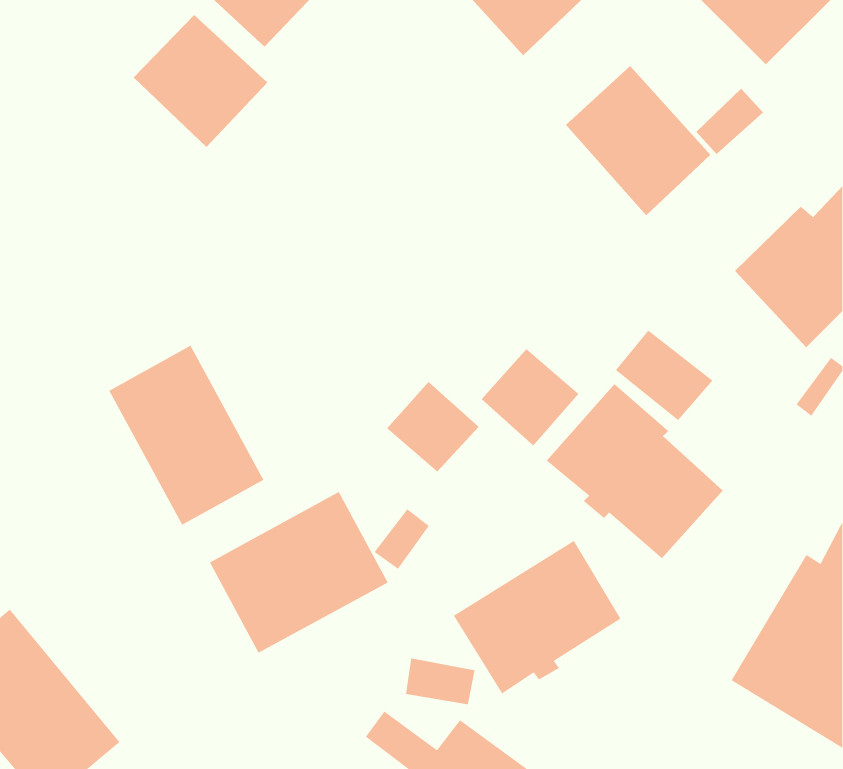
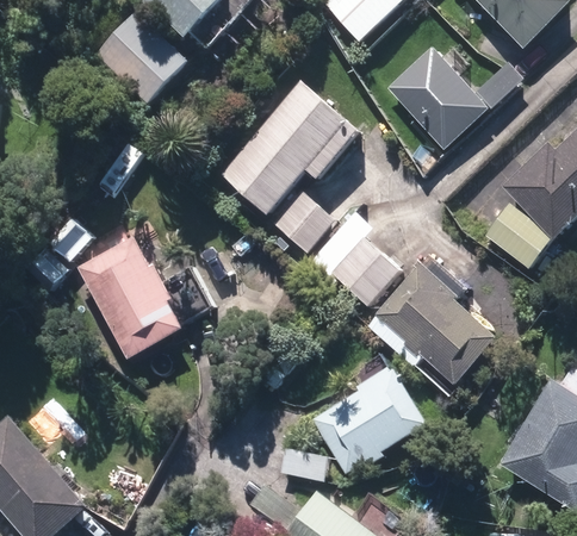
building: none -> [221,82,358,214]
building: [615,330,713,421] -> [484,204,551,266]
building: [386,381,479,473] -> [272,189,335,251]
building: [209,491,389,654] -> none

